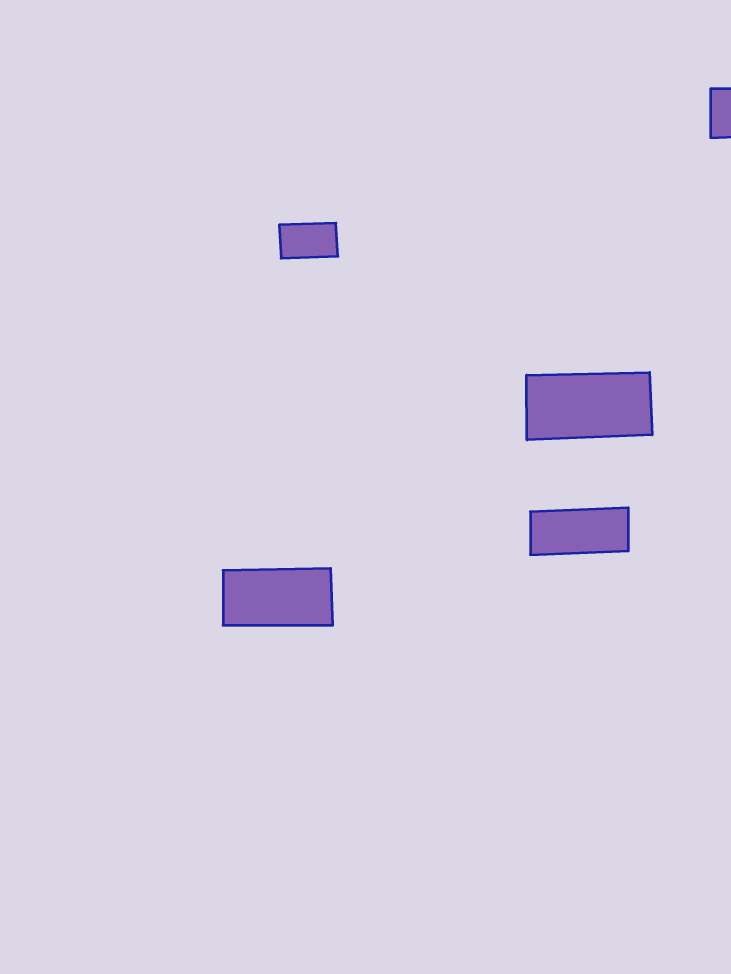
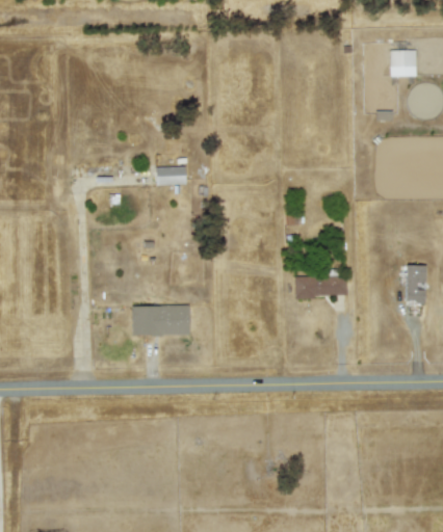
building: [279,223,338,258] -> [156,166,187,185]
building: [527,372,652,440] -> none

